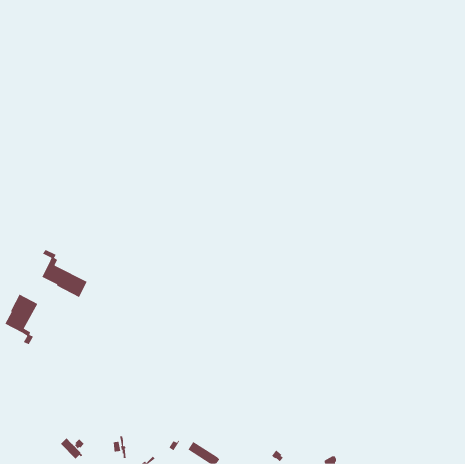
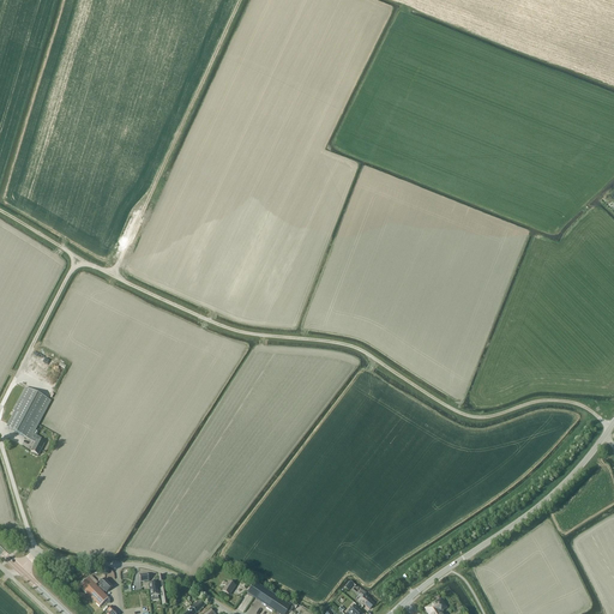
building: [41,249,88,298] -> none

